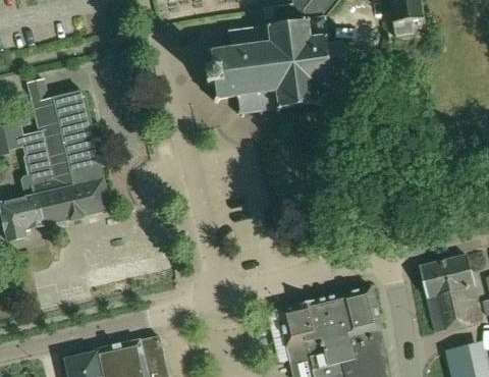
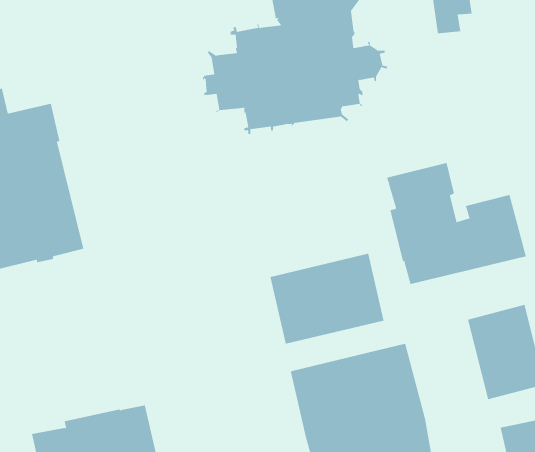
building: none -> [386,162,527,285]
building: none -> [270,253,384,345]

